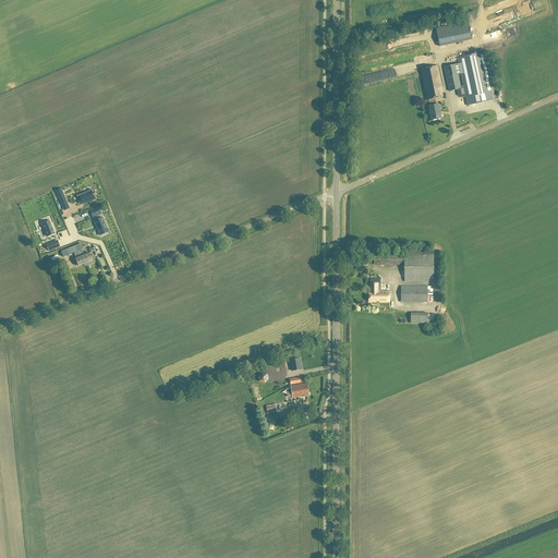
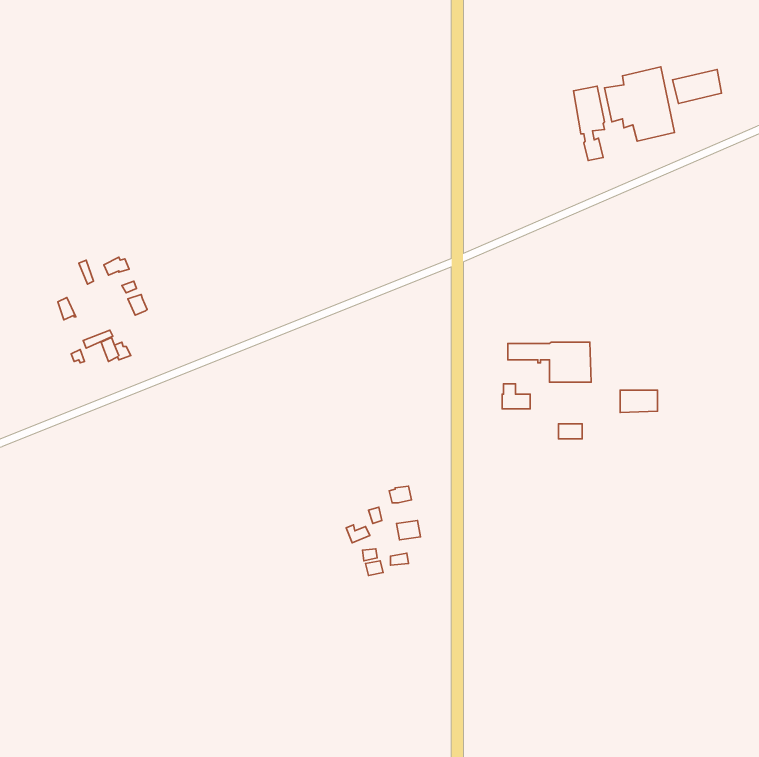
building: [435,20,471,45] -> [672,69,722,104]
building: [400,284,427,301] -> [620,390,657,413]

